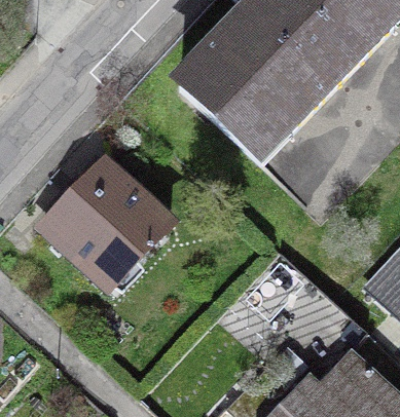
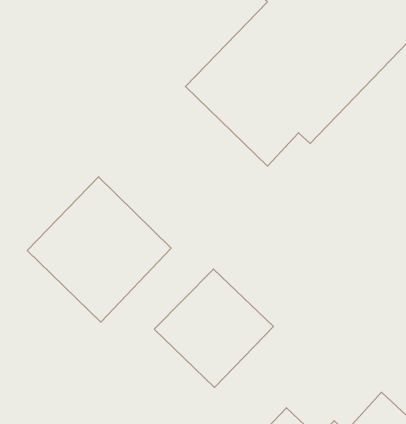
building: none -> [154,269,273,387]

